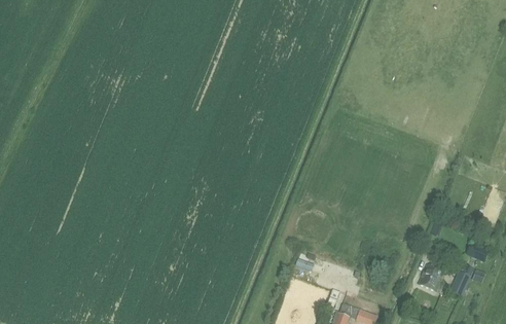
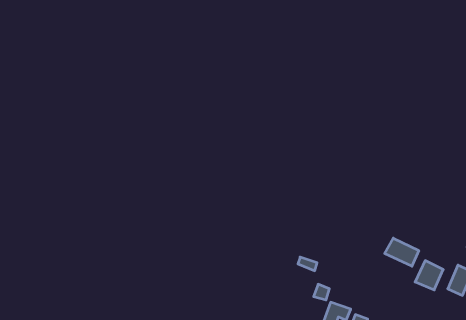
building: none -> [385,238,419,266]

